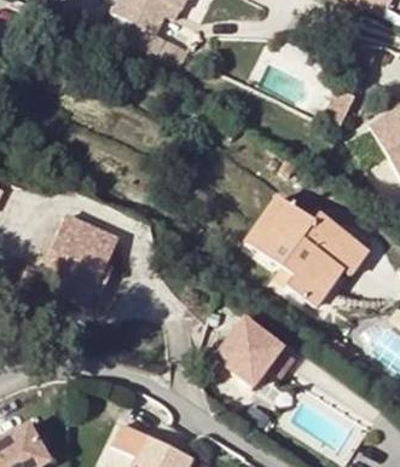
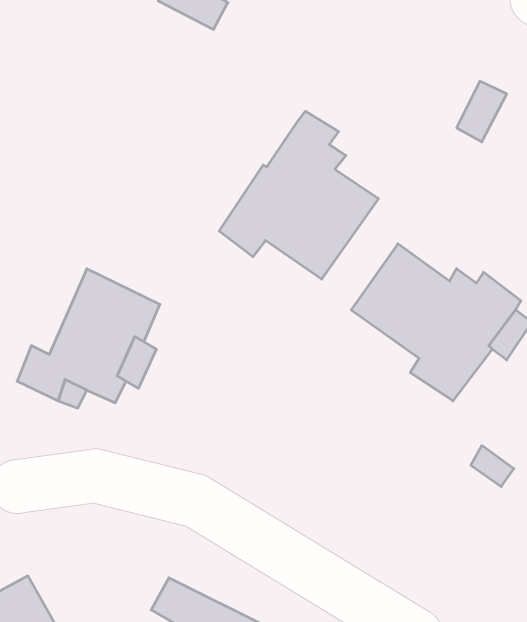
building: none -> [219,111,378,279]
building: [214,319,282,387] -> none

